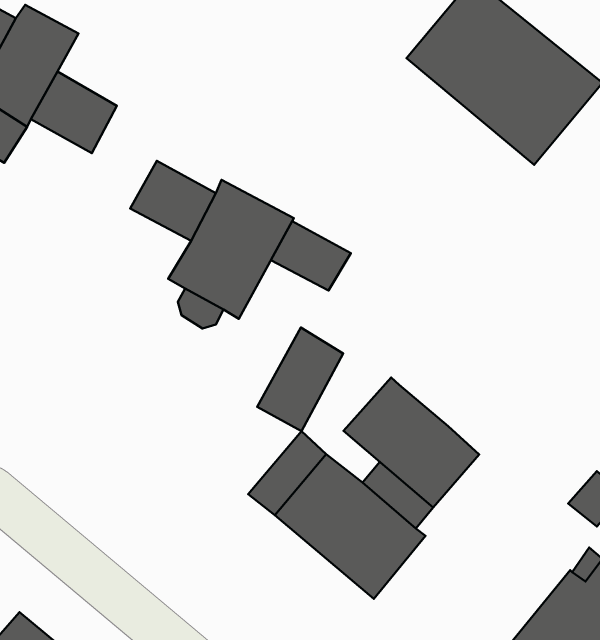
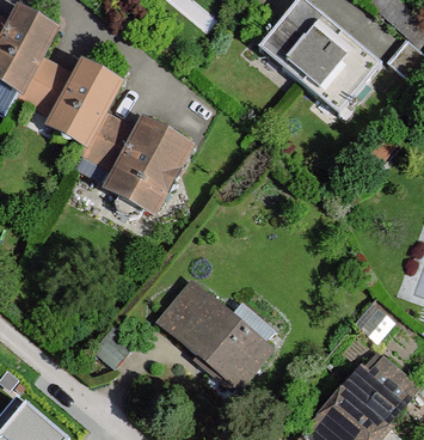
building: none -> [51,66,116,141]
building: [271,221,351,291] -> none
building: [257,328,343,431] -> none
building: [344,377,479,508] -> none

